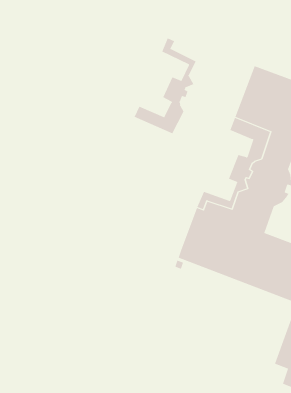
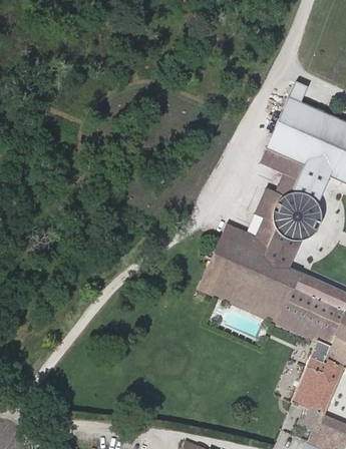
building: [134,37,197,134] -> none

